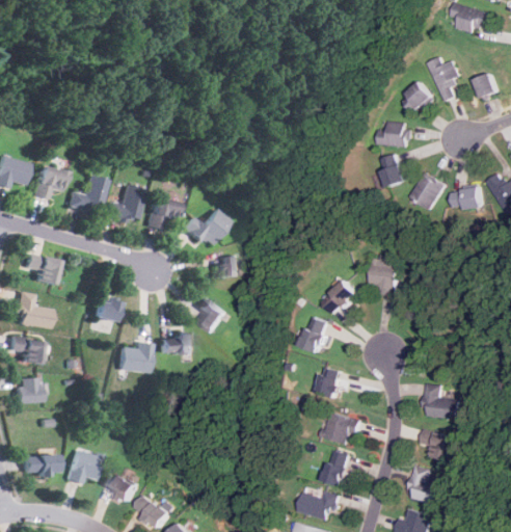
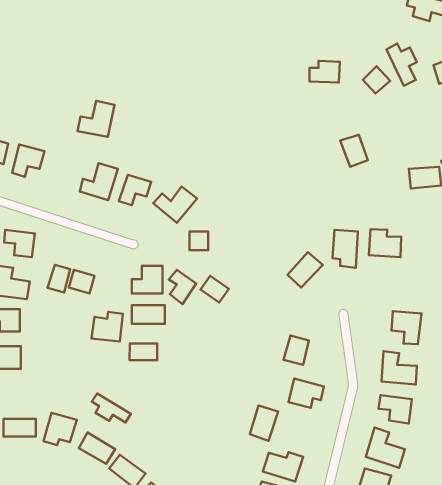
building: [378,123,410,145] -> [310,61,340,82]
building: [409,172,445,209] -> none
building: [65,175,105,213] -> [77,101,115,137]
building: none -> [369,229,401,257]
building: none -> [48,265,70,293]
building: none -> [132,266,162,293]
building: none -> [201,276,229,303]
building: [301,315,331,353] -> none
building: none -> [391,311,421,344]
building: none -> [130,343,157,360]
building: none -> [92,394,131,423]
building: [324,450,354,487] -> [250,406,278,441]

